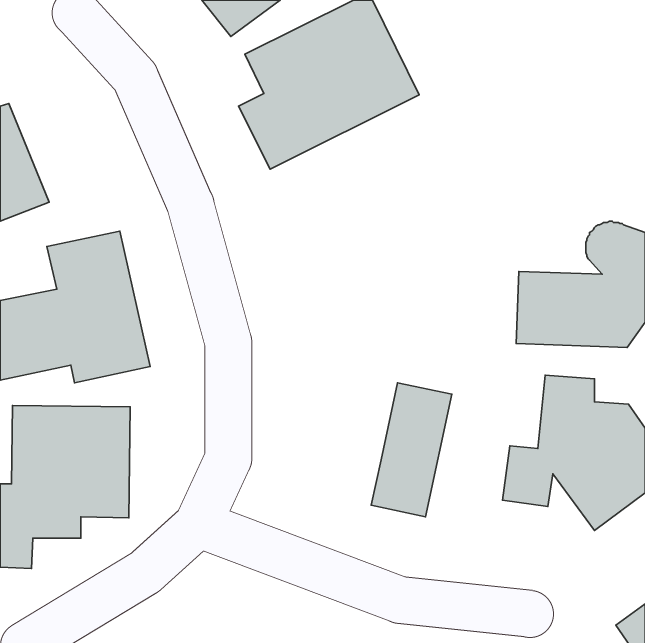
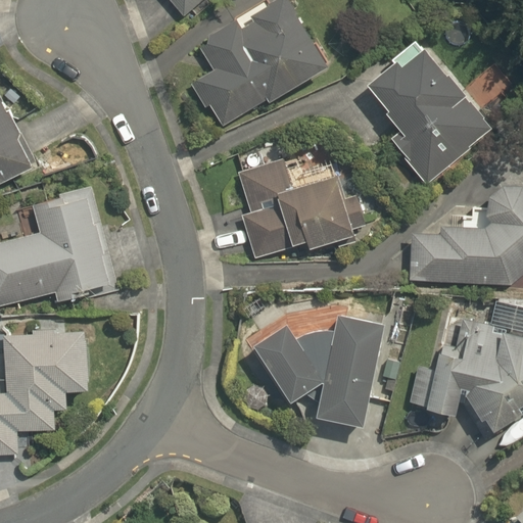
building: none -> [351,26,491,179]
building: none -> [227,147,358,265]
building: none -> [238,322,307,395]

